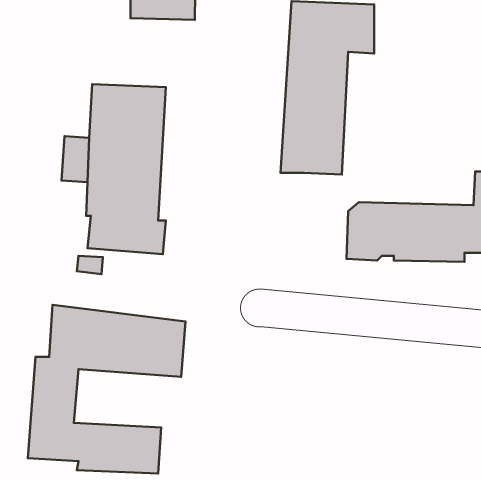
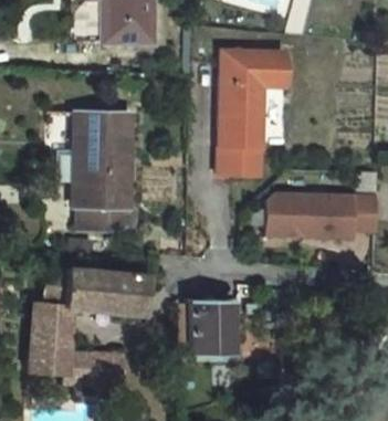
building: none -> [185,299,245,354]

